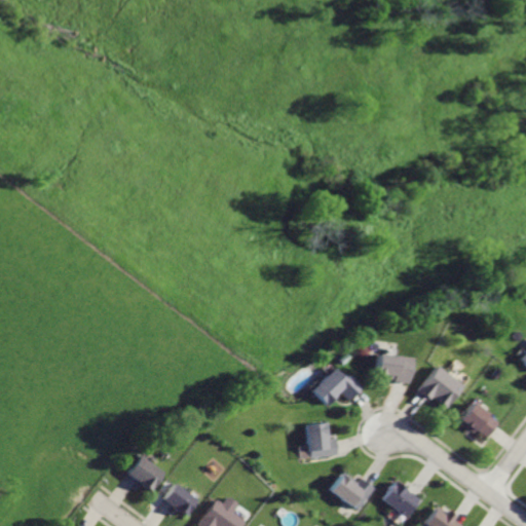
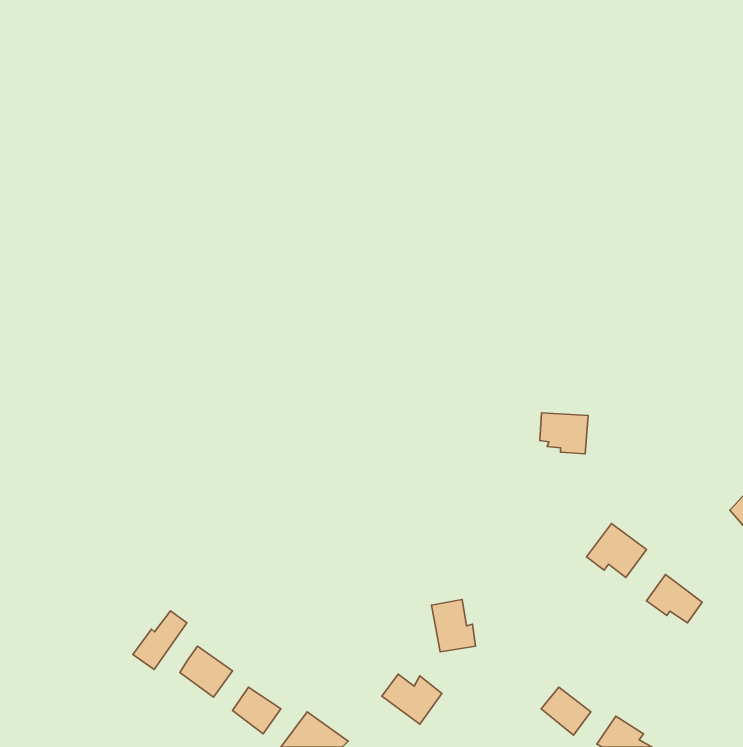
building: [373,354,407,383] -> [540,413,588,454]
building: [310,368,362,404] -> none
building: none -> [133,611,187,670]
building: [333,475,375,510] -> [382,674,442,724]

